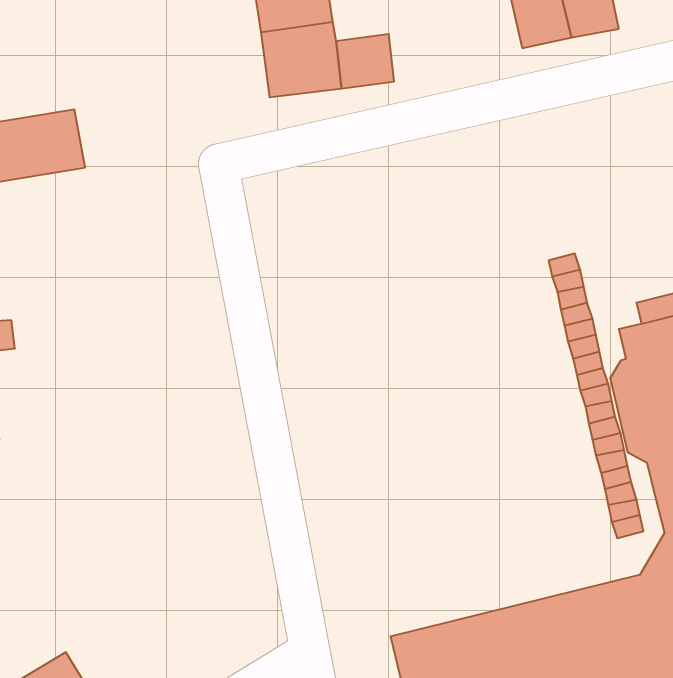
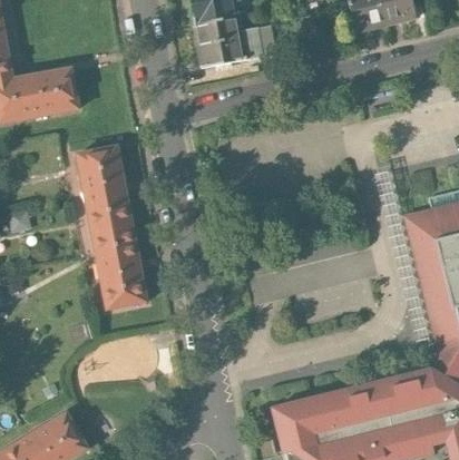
building: none -> [69,134,146,307]

